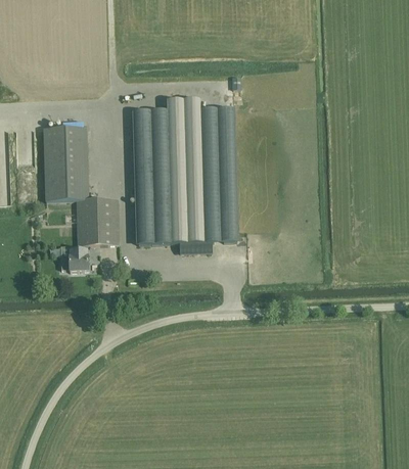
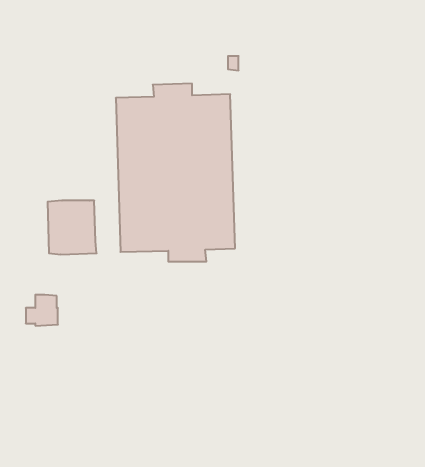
building: [43,126,88,199] -> none
building: [60,243,88,270] -> [26,295,58,326]

